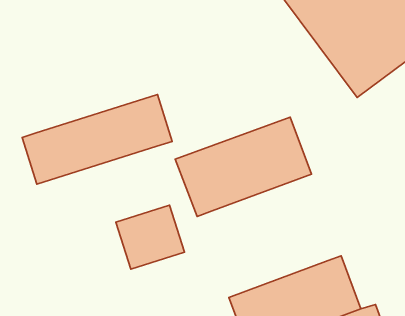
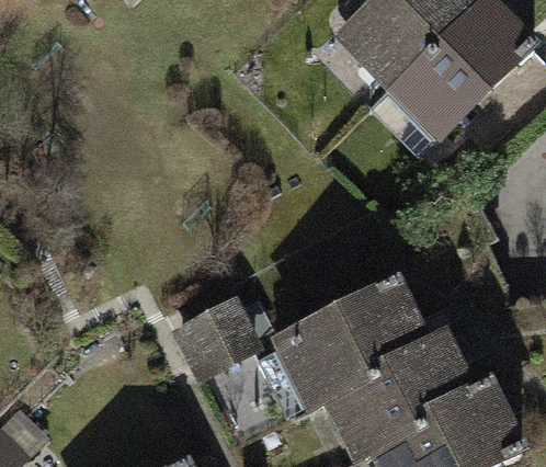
building: [22,95,172,184] -> none
building: [175,117,311,216] -> [266,277,429,409]

